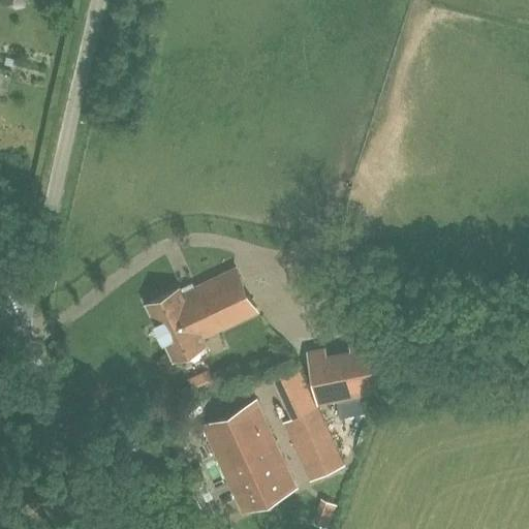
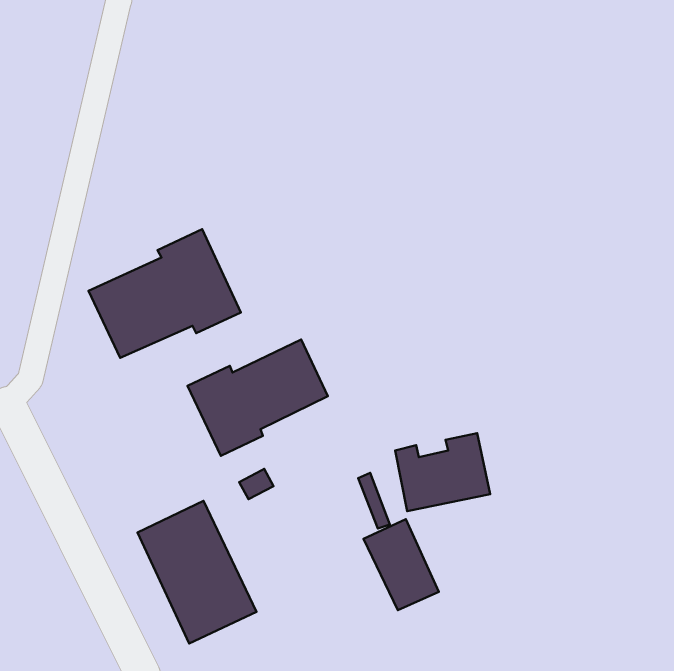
building: none -> [89,229,241,358]
building: [203,402,295,514] -> [137,501,256,644]

